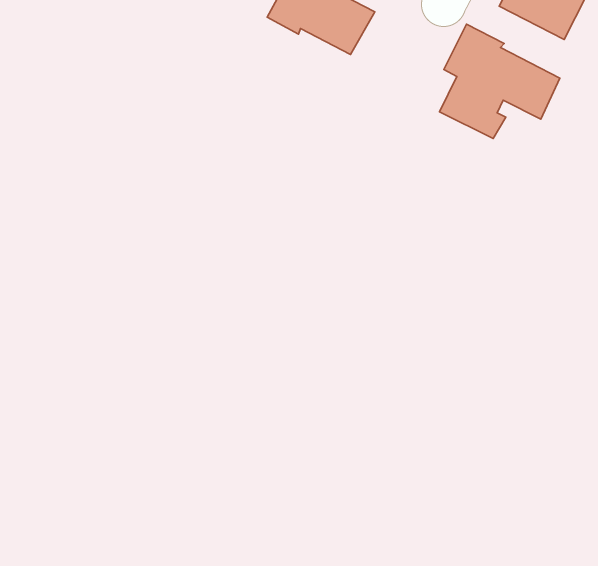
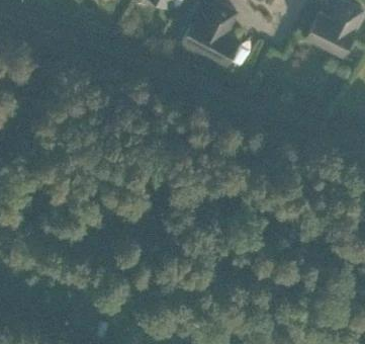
building: [440,24,560,138] -> none

